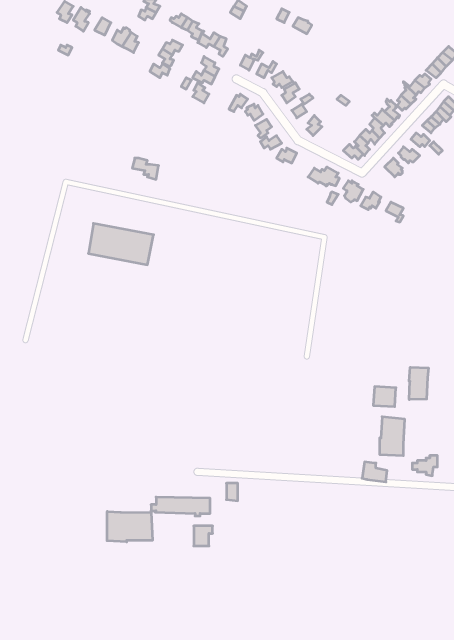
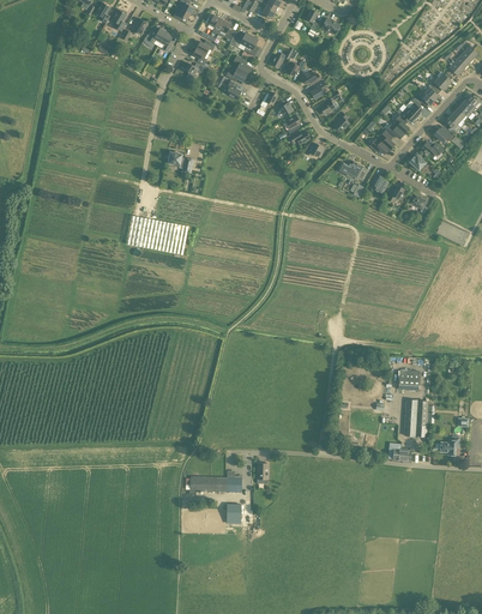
building: [409,367,428,400] -> none
building: [107,511,152,542] -> none

